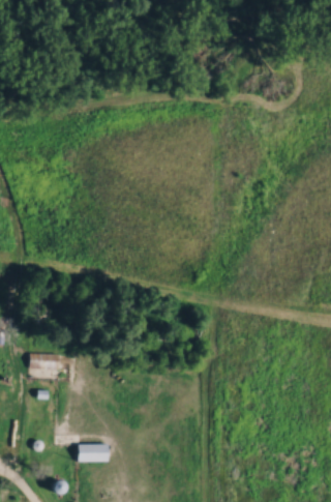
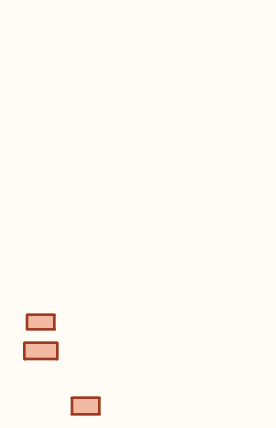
building: none -> [25,343,57,359]

